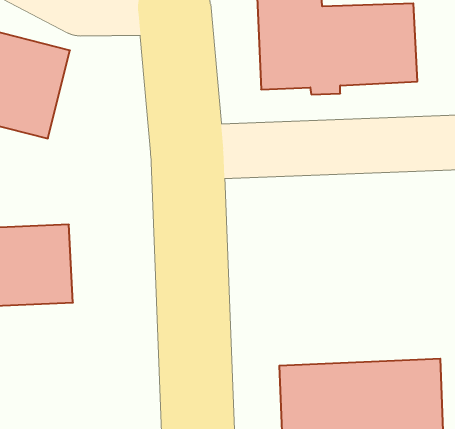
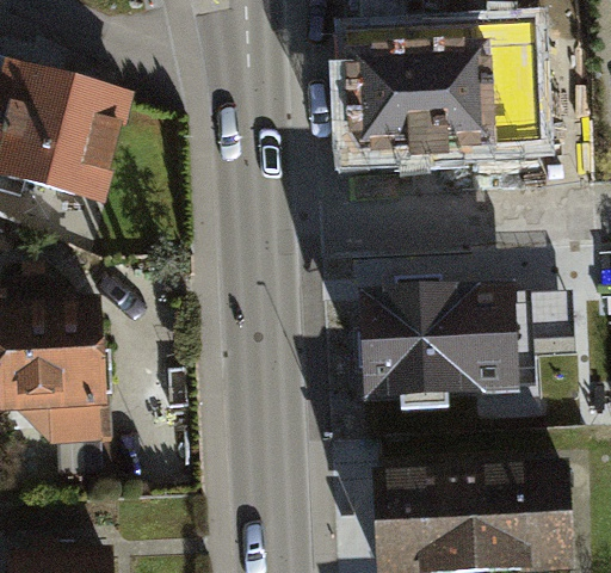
building: none -> [338,284,521,436]

